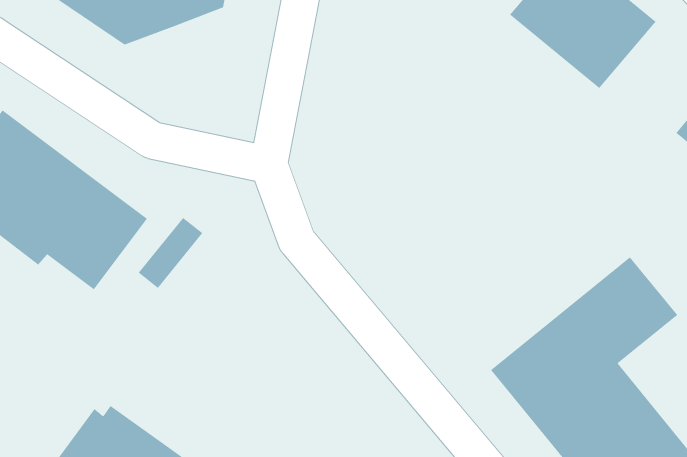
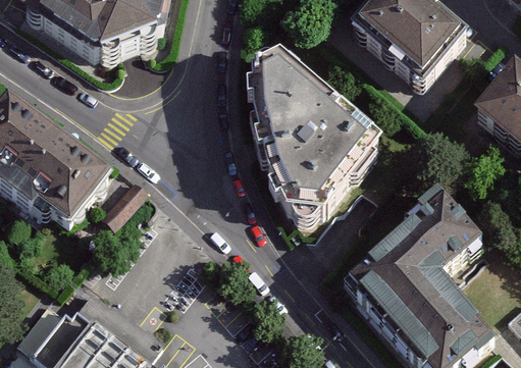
building: none -> [250,57,377,216]

